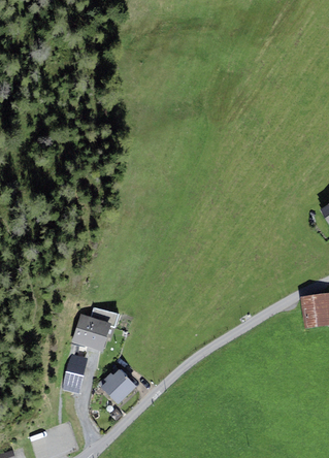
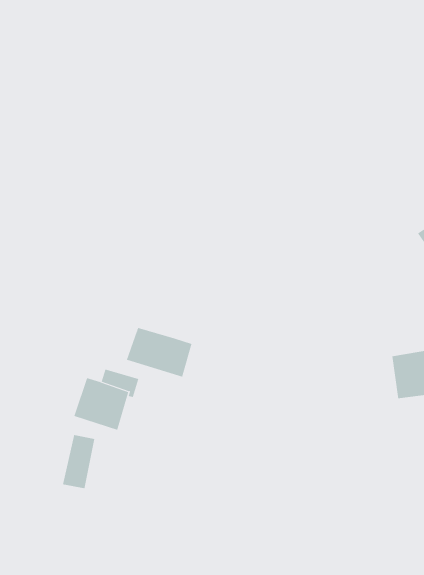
building: none -> [126,327,192,377]
building: [101,369,136,404] -> none

